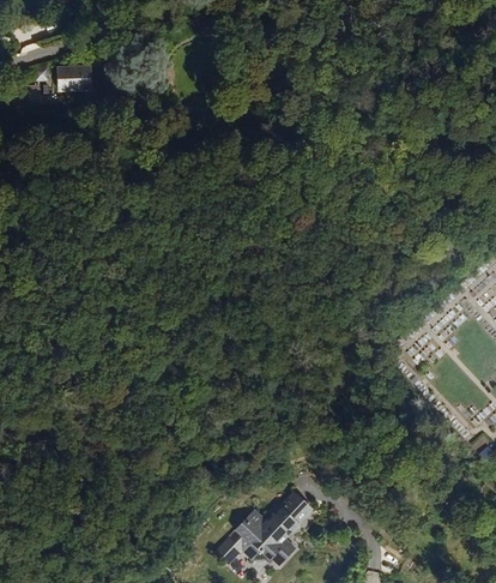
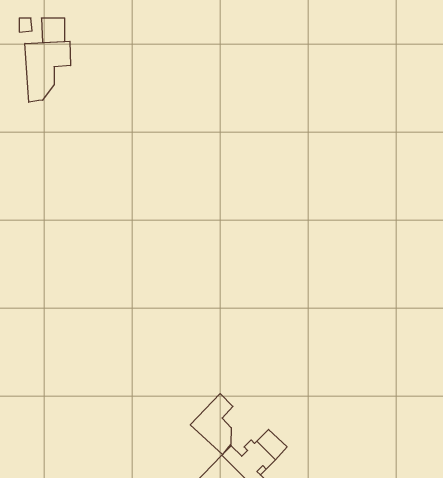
building: none -> [25,41,71,102]
building: none -> [190,394,233,454]

